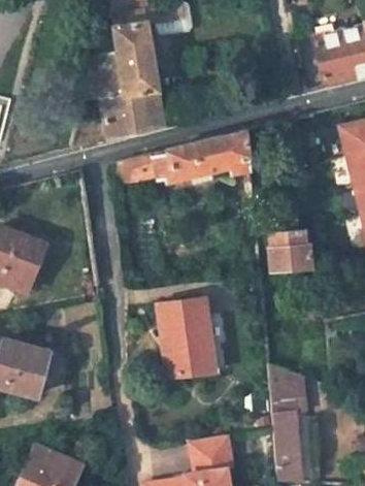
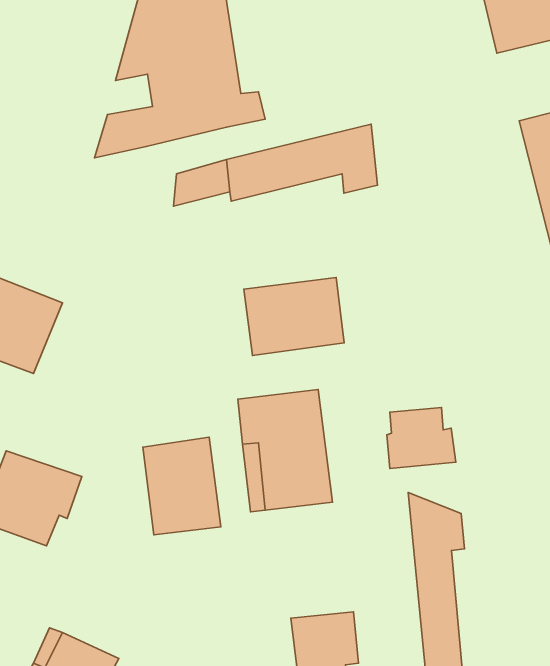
building: none -> [244,278,344,355]
building: [268,234,312,273] -> [387,407,456,469]
building: none -> [143,437,221,535]

